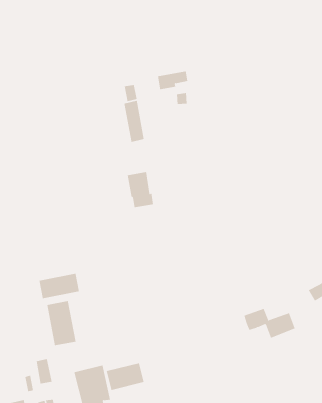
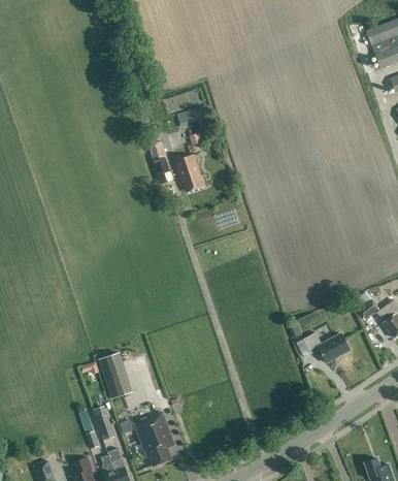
building: [127,172,154,208] -> [174,154,205,192]
building: [39,273,80,299] -> none
building: [106,362,144,391] -> none

